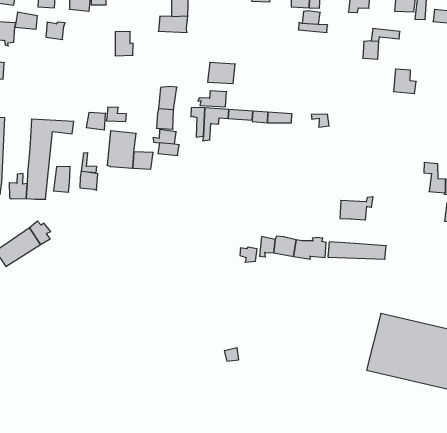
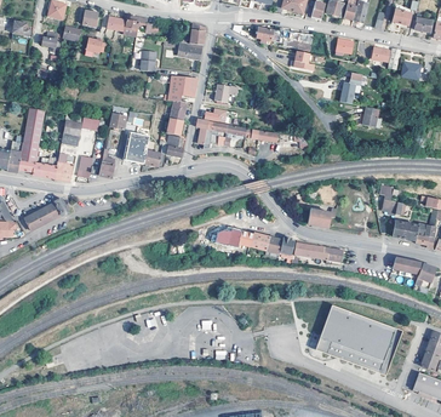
building: none -> [167,75,196,101]

